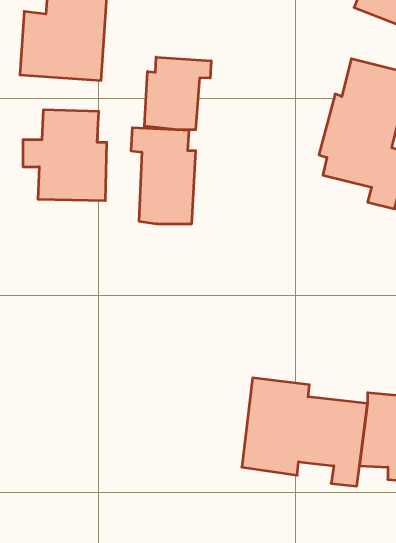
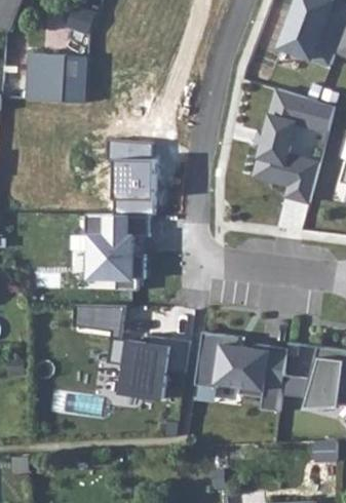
building: [144,57,211,130] -> none
building: [23,110,107,201] -> [71,212,134,281]
building: none -> [69,304,184,402]

